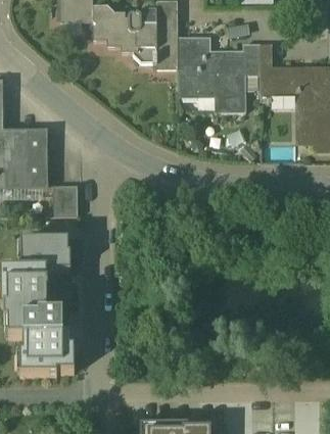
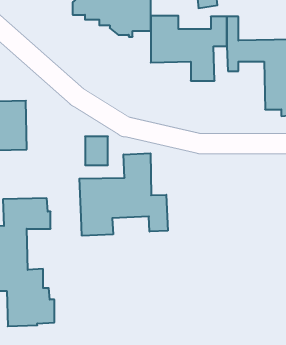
building: [53,185,78,215] -> [85,136,108,165]
building: none -> [79,153,168,236]

